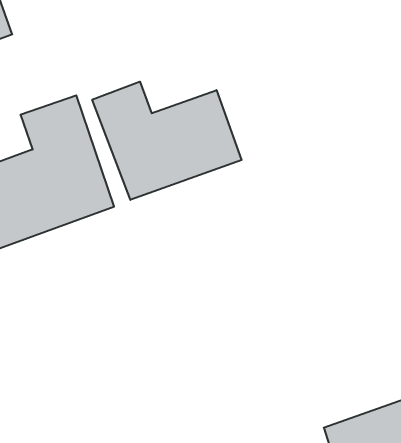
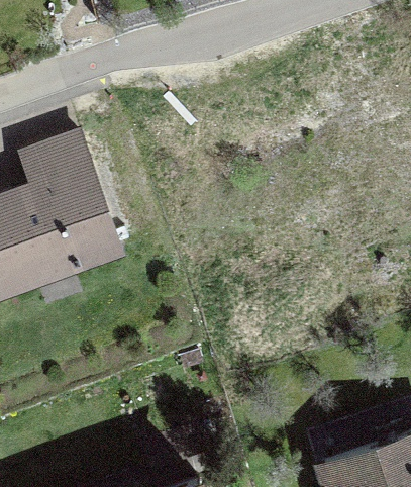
building: [92,82,242,200] -> none

